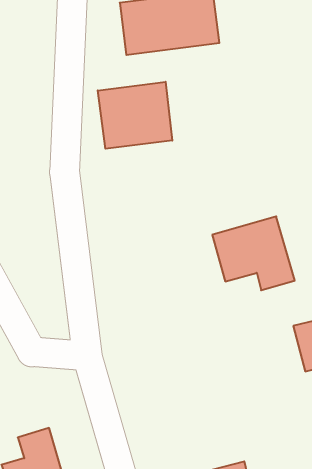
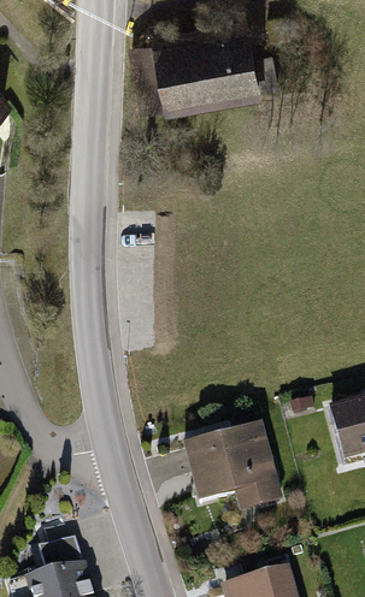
building: [98,82,172,149] -> none
building: [212,216,295,290] -> [190,420,282,502]

